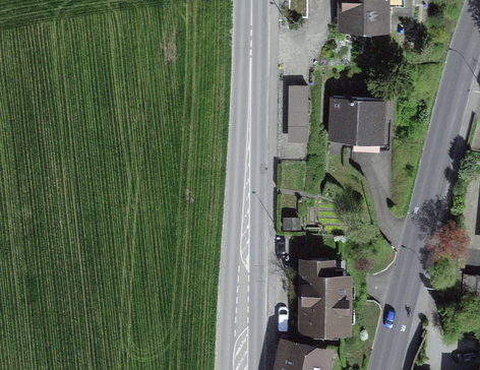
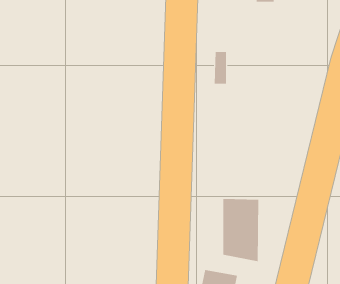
building: [331,99,383,142] -> none

